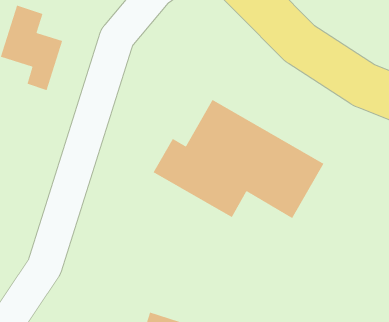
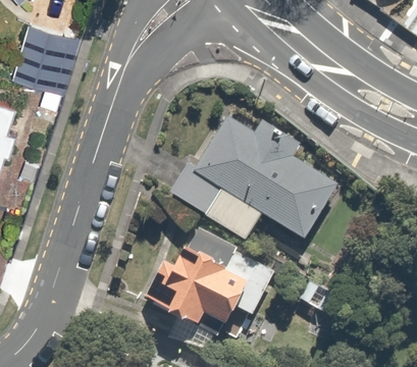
building: none -> [143,226,251,328]

